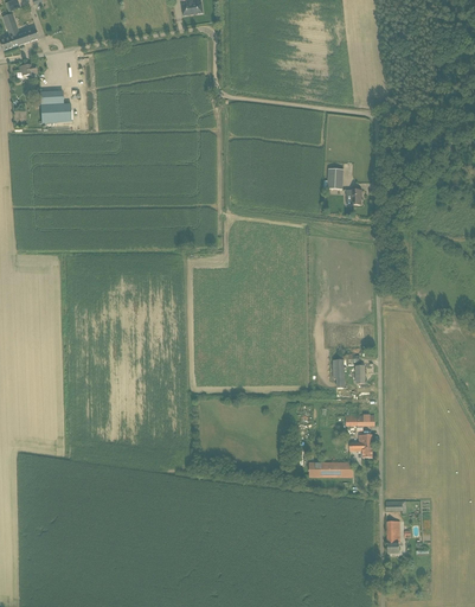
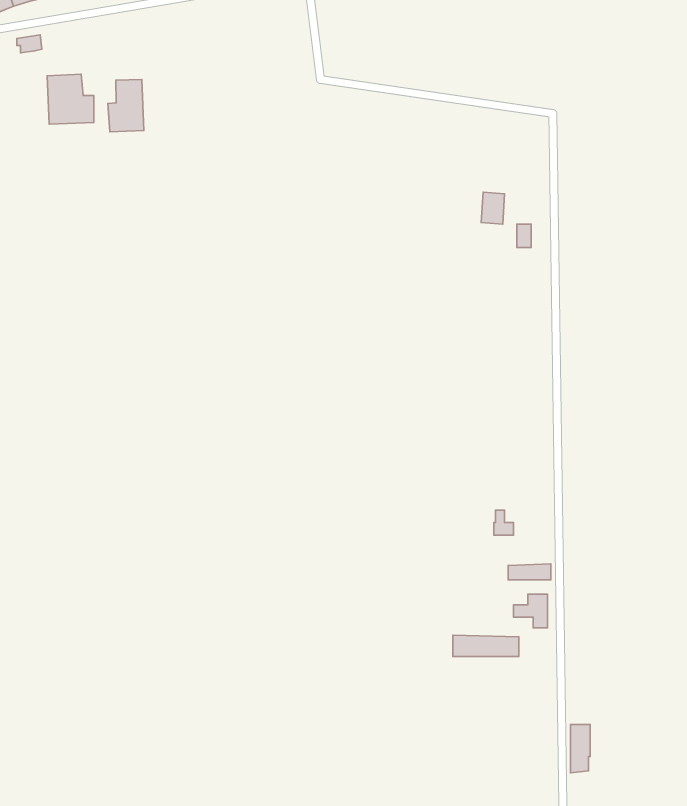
building: none -> [108,80,144,132]

